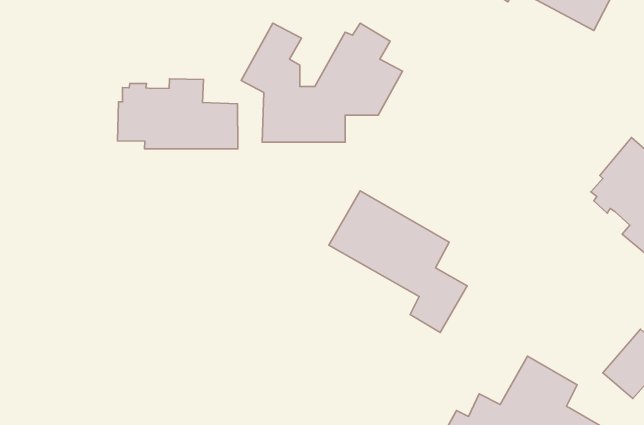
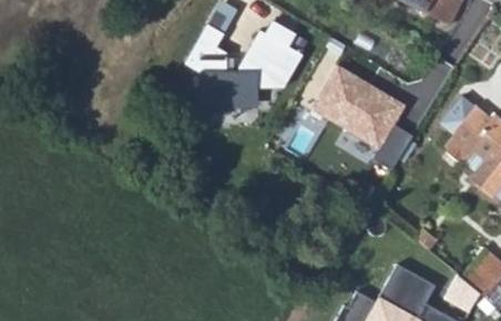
building: [118,79,238,149] -> none
building: [329,191,467,333] -> [316,68,418,172]

